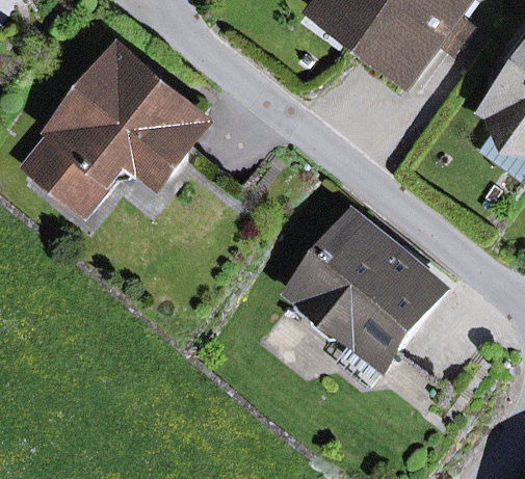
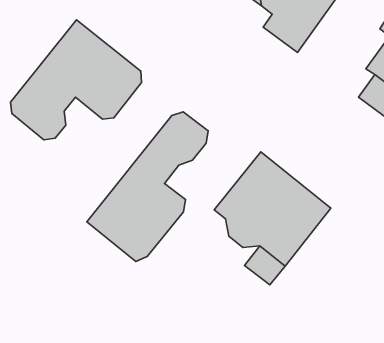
building: none -> [87,112,208,261]

